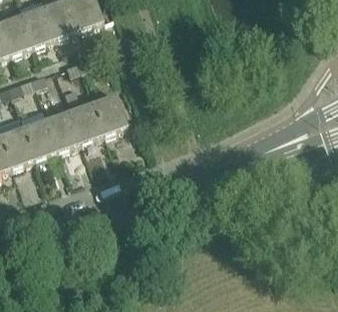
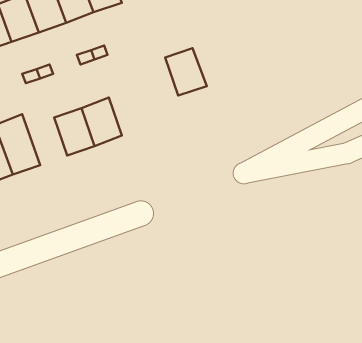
building: [93,93,128,133] -> [165,48,207,96]
building: [20,107,58,159] -> none

